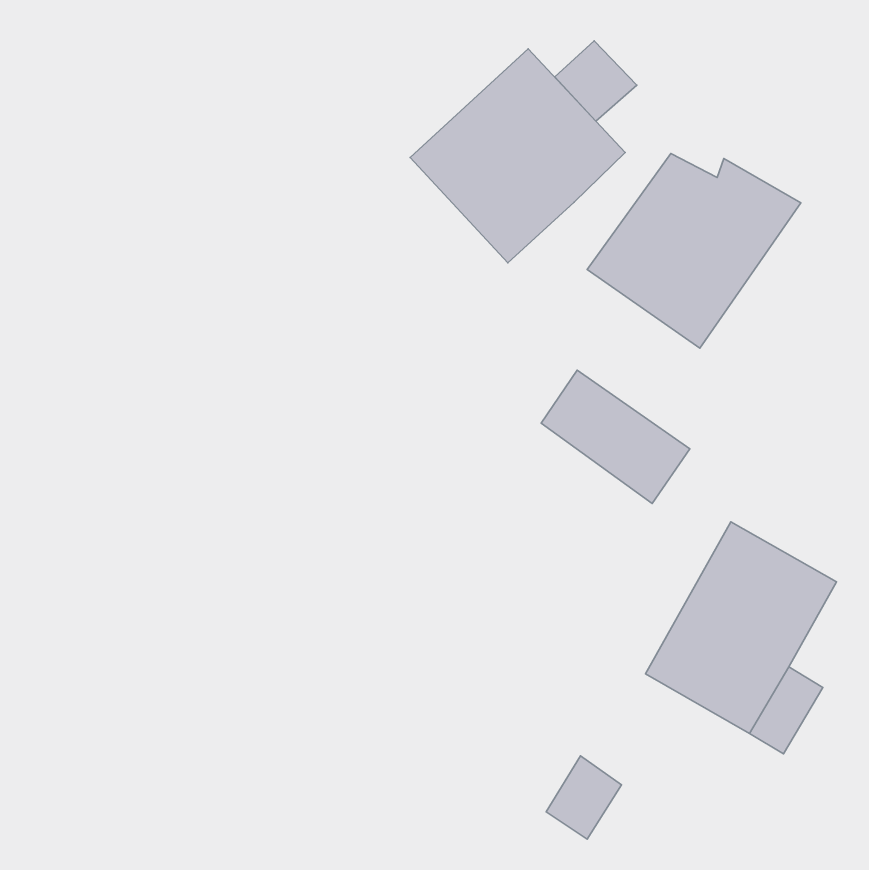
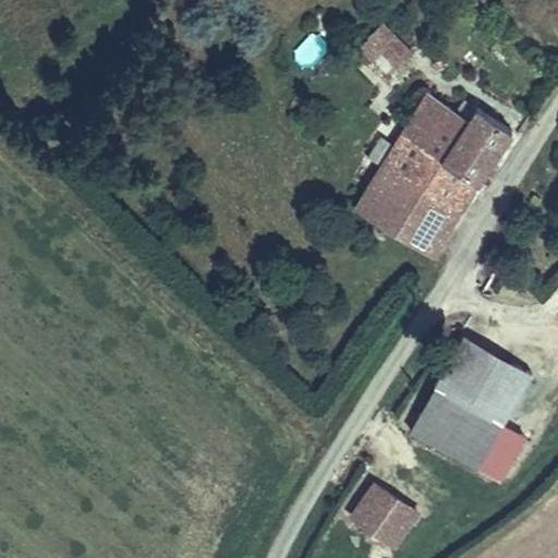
building: [410,49,625,263] -> none
building: [541,370,690,503] -> [352,173,447,258]
building: none -> [375,502,415,549]

